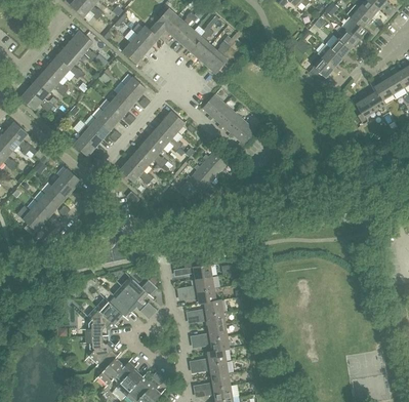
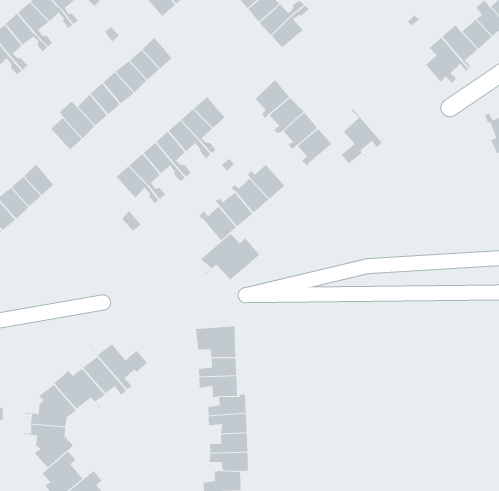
building: none -> [341,109,382,164]
building: none -> [189,223,272,288]

